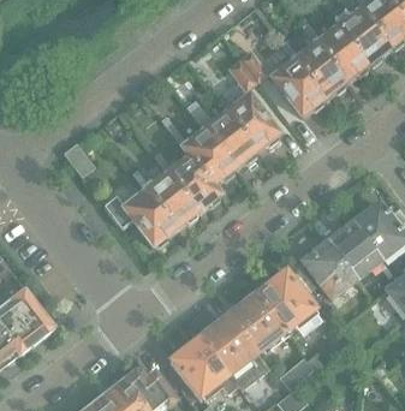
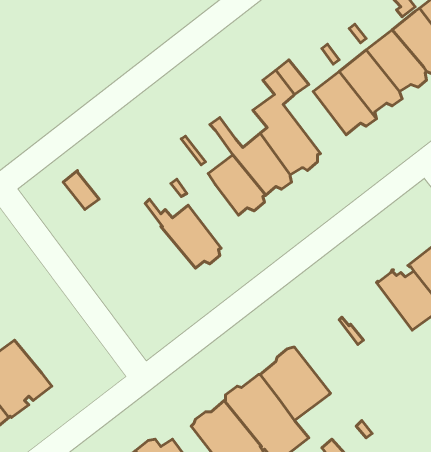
building: [167,156,216,209] -> none
building: [105,191,173,245] -> none
building: [302,238,355,297] -> none
building: [256,272,318,333] -> none

